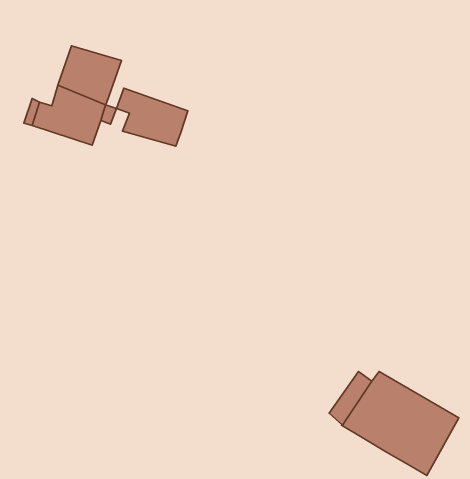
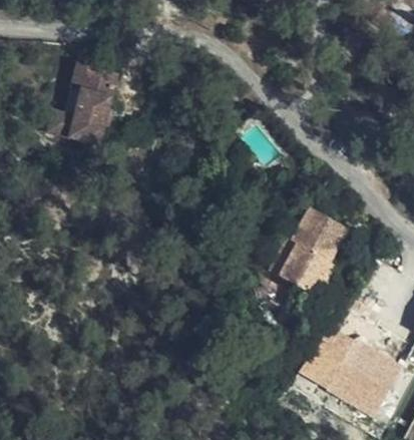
building: [117,88,188,146] -> none
building: none -> [267,210,349,303]

